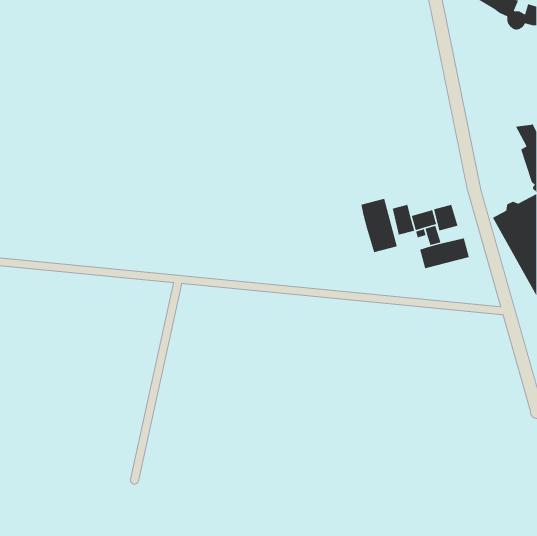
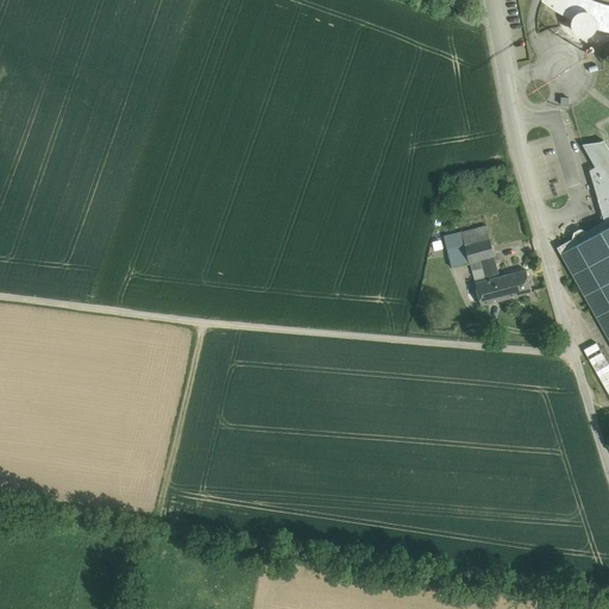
building: [360,198,398,253] -> none
building: [433,204,458,231] -> none

